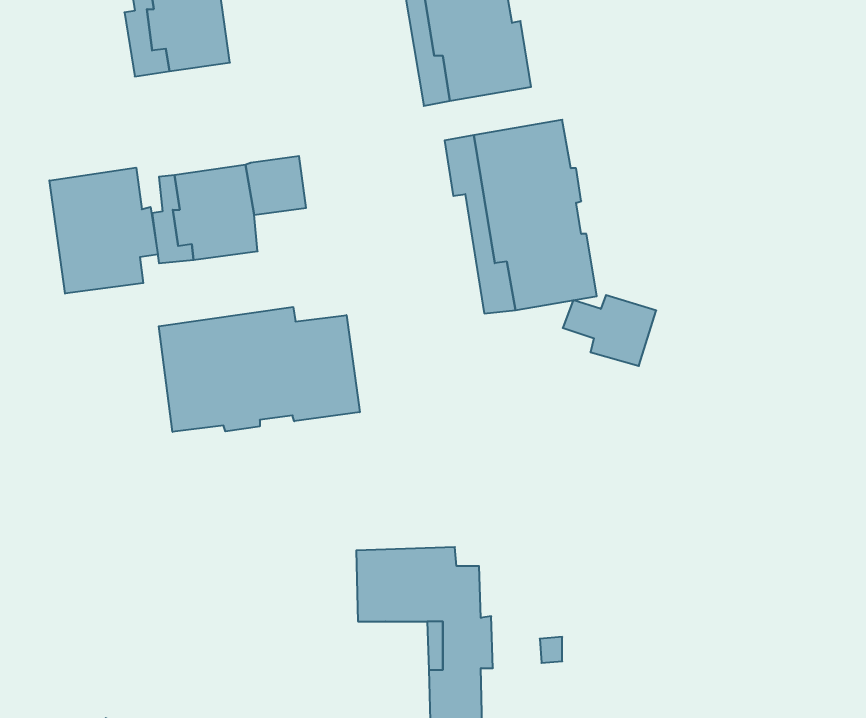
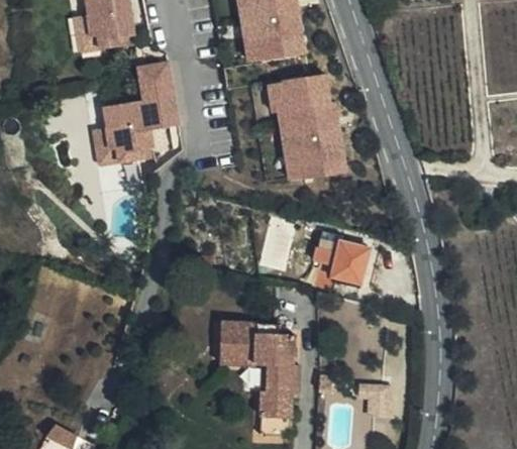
building: none -> [140,64,176,100]
building: [49,168,158,294] -> none
building: [563,295,656,366] -> [317,242,372,284]
building: [159,307,360,432] -> none

